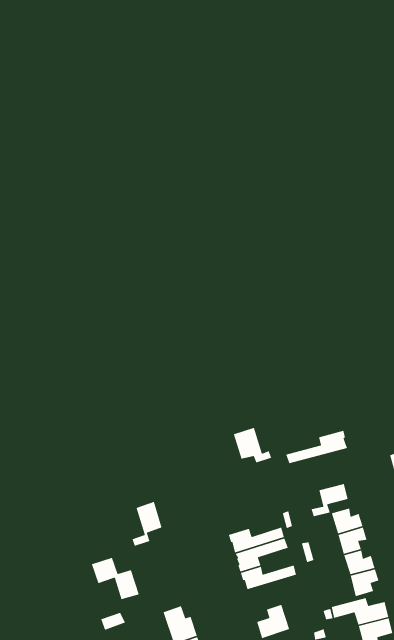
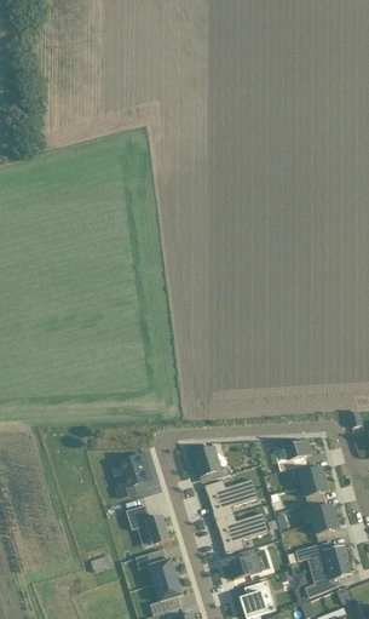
building: [233,427,272,464] -> [195,445,230,477]
building: [285,430,348,464] -> none
building: [91,557,140,600] -> [127,504,171,543]
building: none -> [221,521,269,552]

